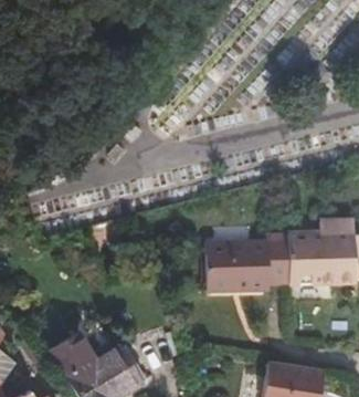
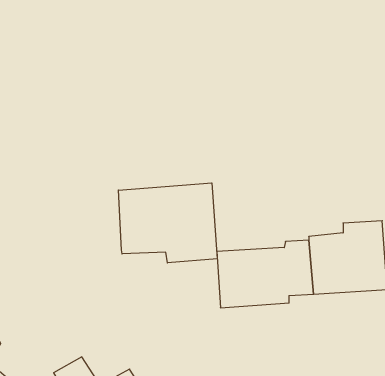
building: none -> [118,183,217,263]

